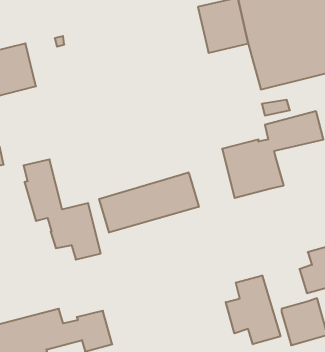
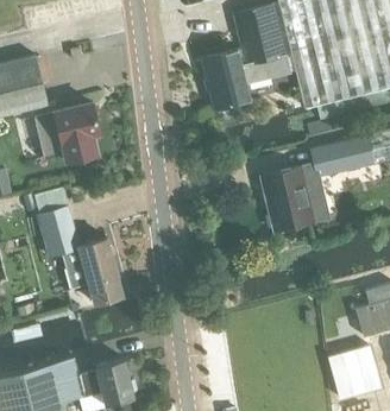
building: none -> [203,50,295,109]
building: none -> [34,103,101,162]
building: [99,172,199,233] -> none
building: [226,275,280,344] -> none

